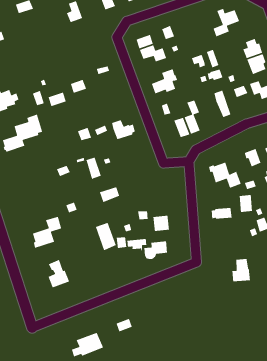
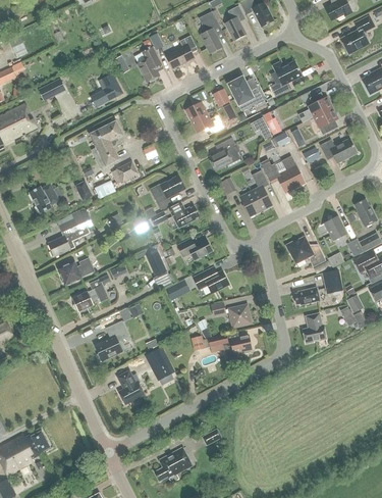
building: none -> [228,77,264,104]
building: none -> [89,119,123,165]
building: none -> [261,158,295,192]
building: none -> [155,175,185,208]
building: none -> [177,238,212,259]
building: none -> [58,257,95,283]
building: none -> [72,275,110,309]
building: none -> [193,265,229,292]
building: [95,222,117,251] -> [144,347,171,381]
building: [231,258,251,282] -> [303,312,326,342]

